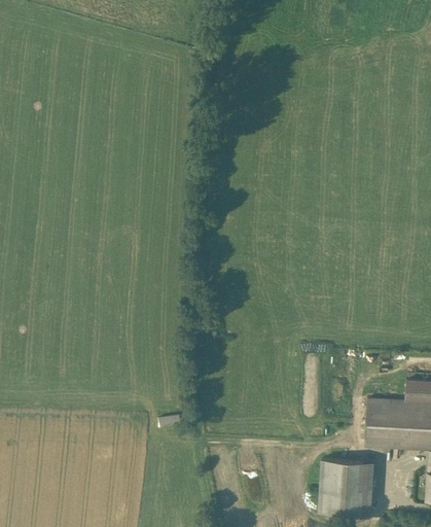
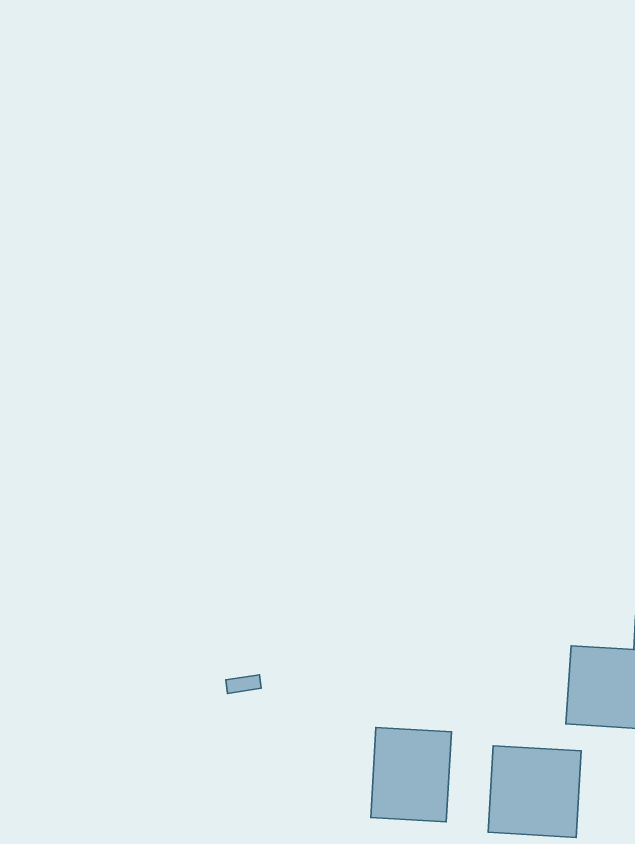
building: none -> [371,728,451,822]

